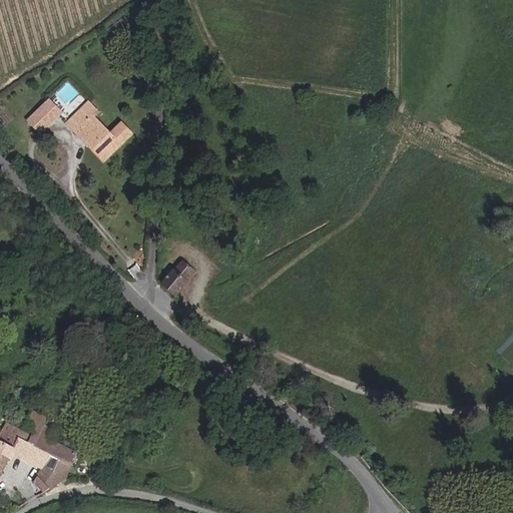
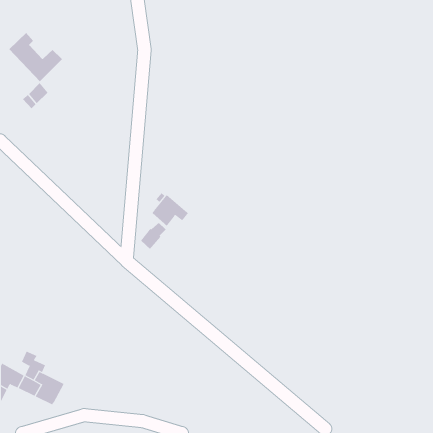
building: [65,99,129,158] -> [8,32,63,82]
building: none -> [152,194,189,227]
building: [34,469,63,494] -> none

